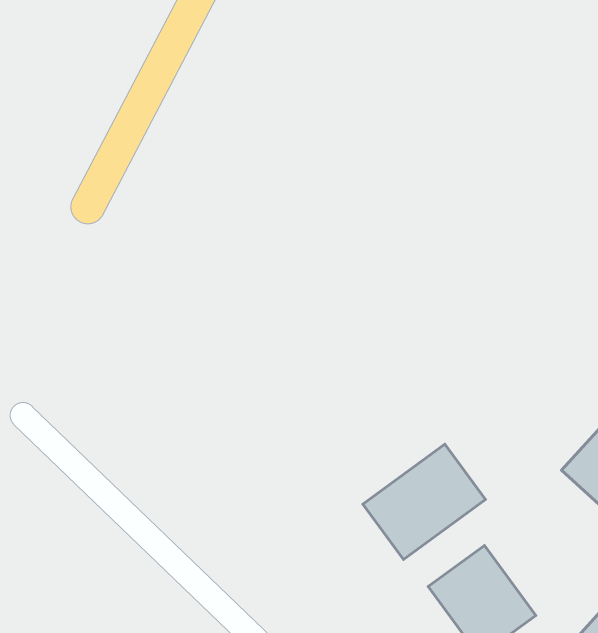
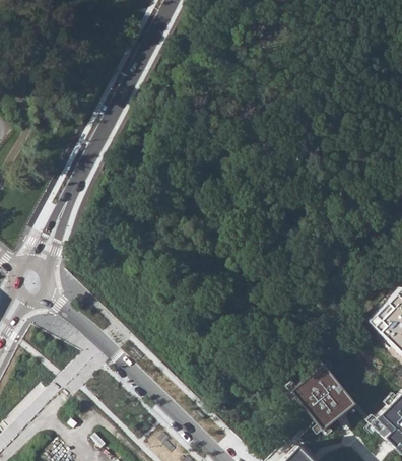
building: [363,444,485,560] -> none

